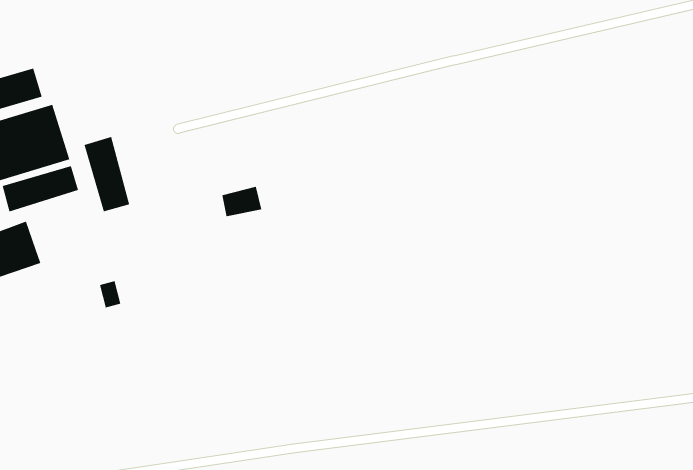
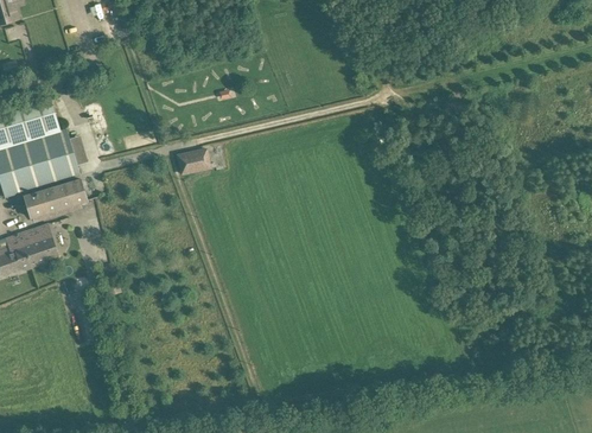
building: [84,136,130,212] -> none
building: [222,186,262,217] -> [177,147,210,172]

